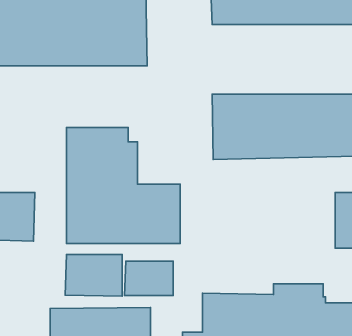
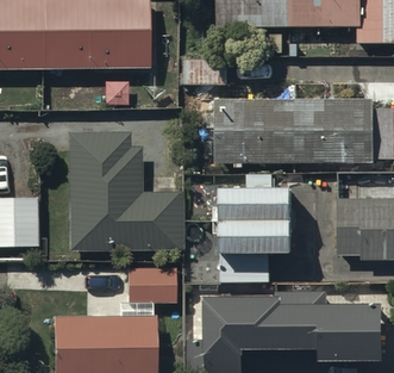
building: none -> [220,172,290,281]
building: [65,255,122,296] -> none

